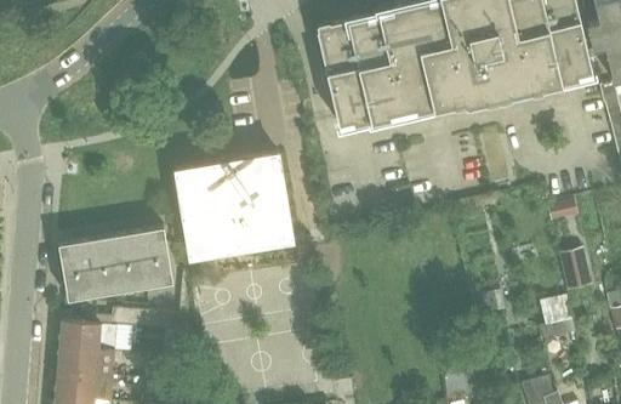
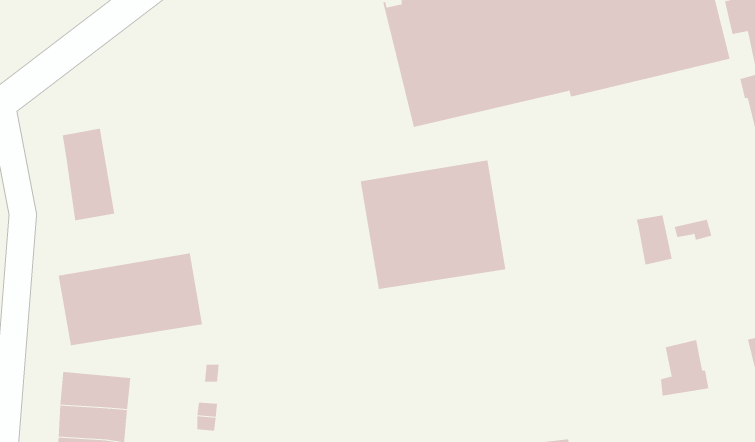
building: none -> [62,128,115,221]
building: [176,154,292,257] -> [360,160,506,289]
building: [559,251,588,291] -> [636,215,672,265]

